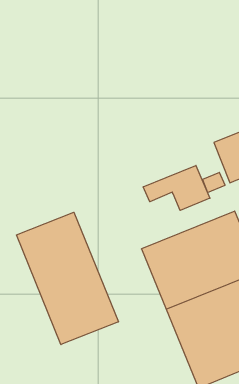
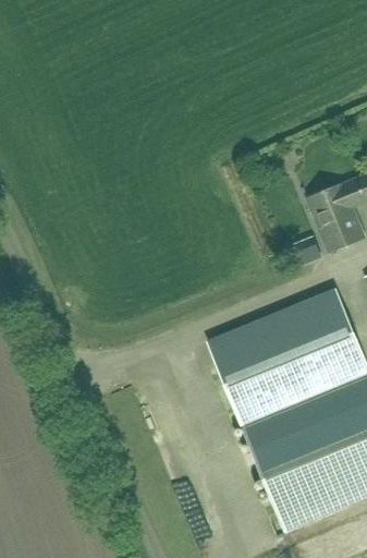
building: [143,165,210,210] -> none
building: [16,212,118,345] -> none

